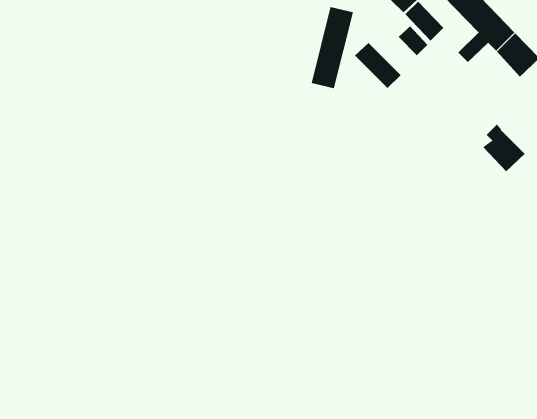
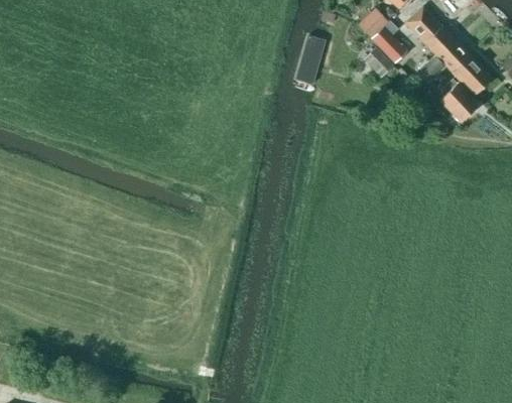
building: [354,42,402,89] -> none
building: [483,123,525,172] -> [440,79,479,122]

